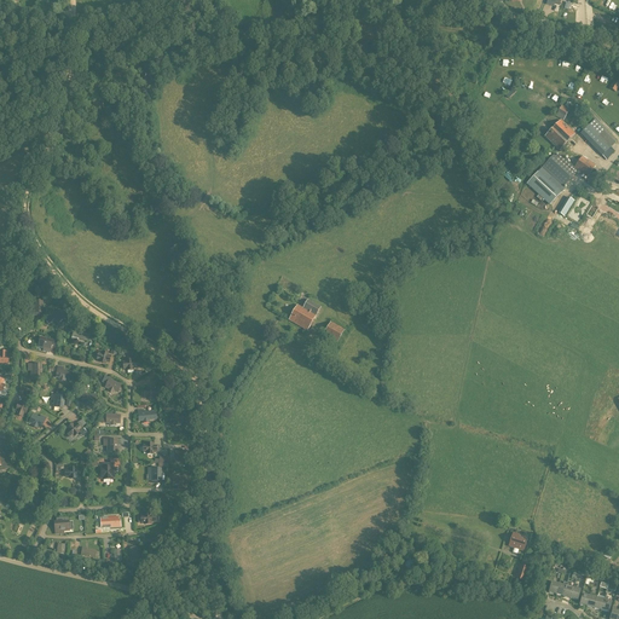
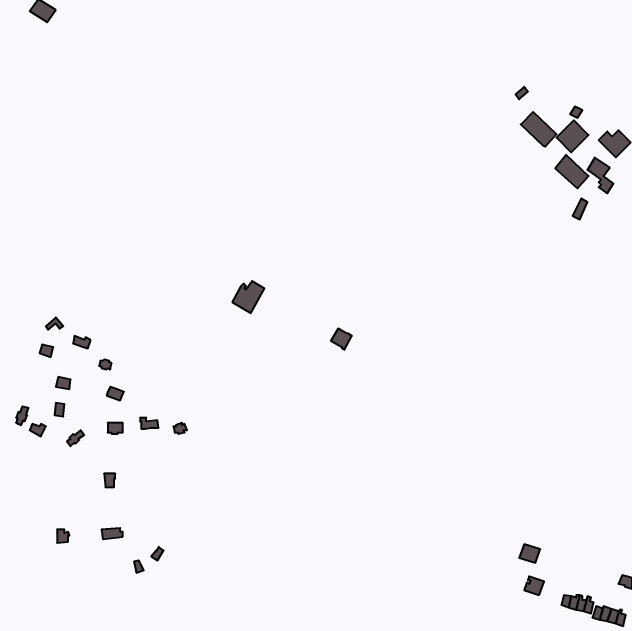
building: [525,169,560,203] -> [521,112,557,147]
building: [288,297,319,329] -> [232,281,264,313]

